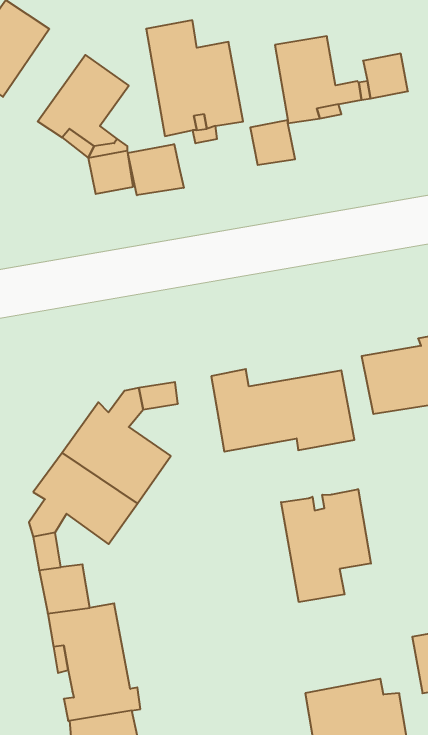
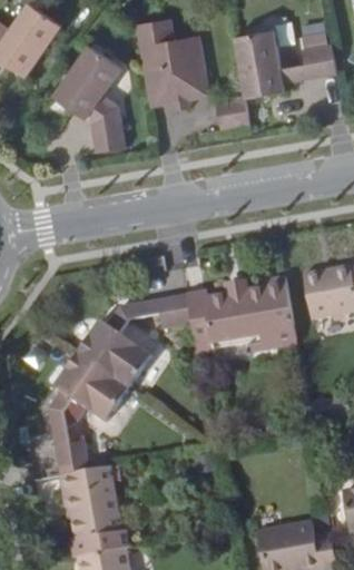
building: [128,144,184,195] -> none
building: none -> [158,292,191,330]
building: [281,489,371,602] -> none

